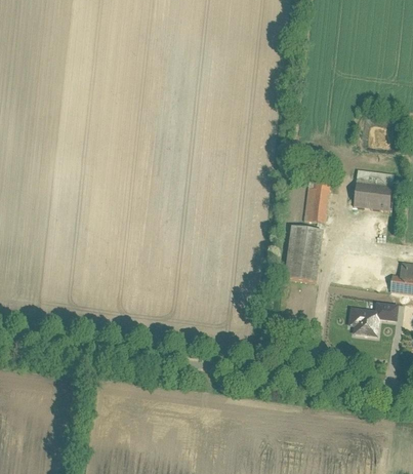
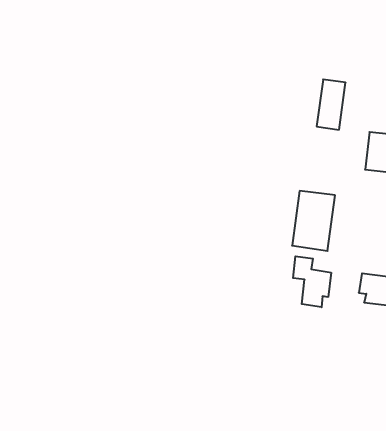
building: [302,176,330,225] -> [317,79,346,130]
building: none -> [293,256,331,307]

